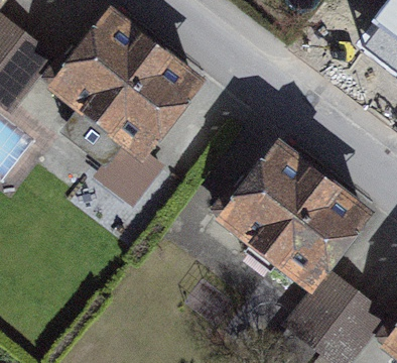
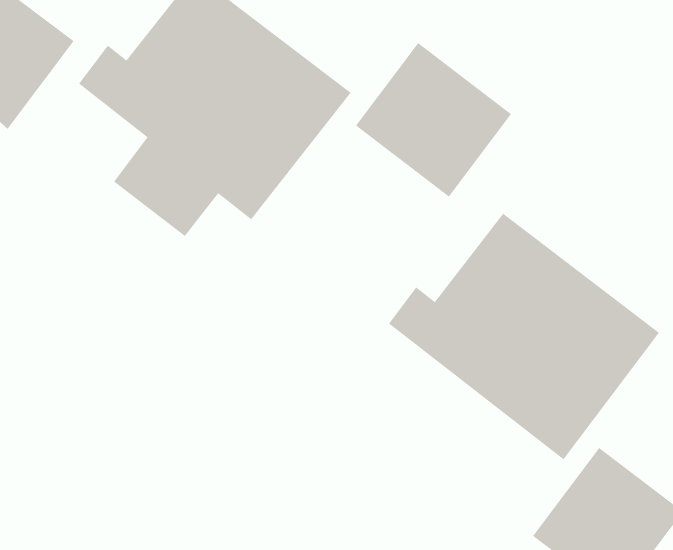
building: none -> [355,42,512,197]

